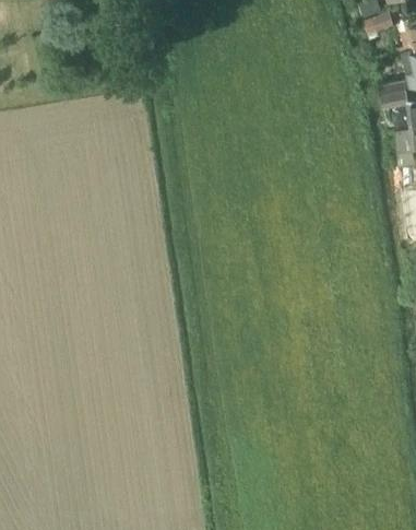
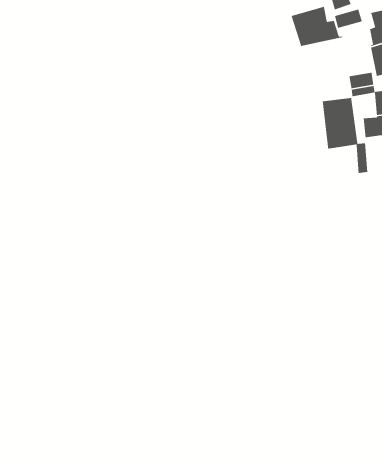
building: none -> [290,6,344,47]
building: none -> [322,97,368,174]

